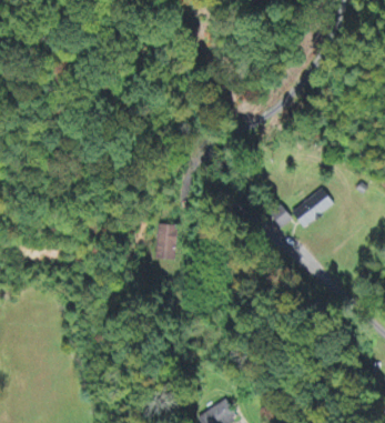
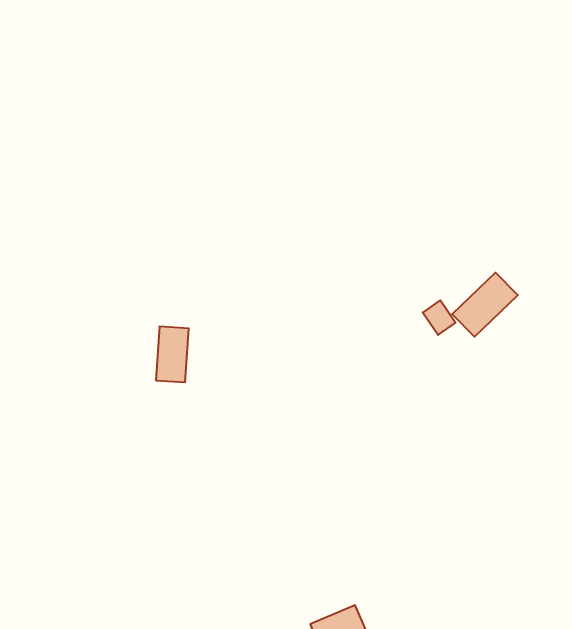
building: [156,224,178,260] -> [156,327,189,382]

